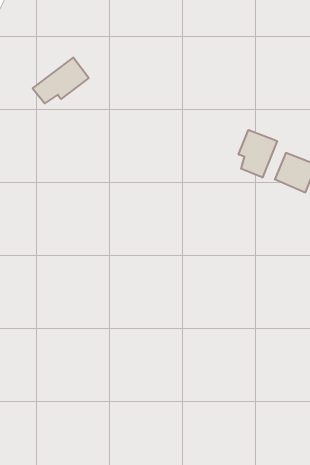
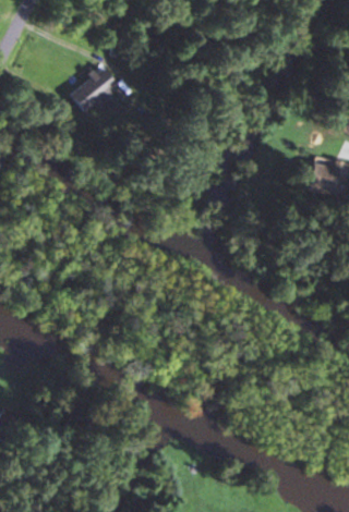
building: [239,130,277,178] -> none

